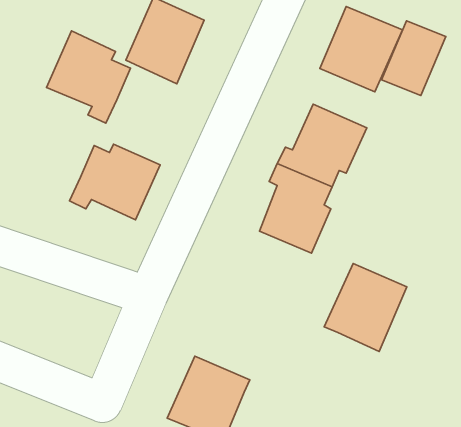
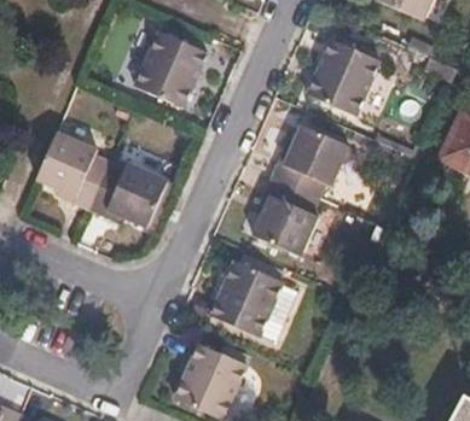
building: [381,21,446,95] -> none
building: [47,31,131,123] -> [35,128,109,209]
building: [324,264,407,352] -> [209,261,282,338]

